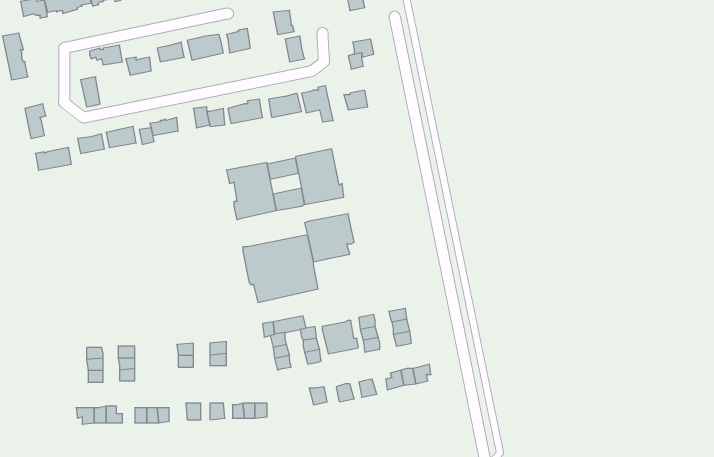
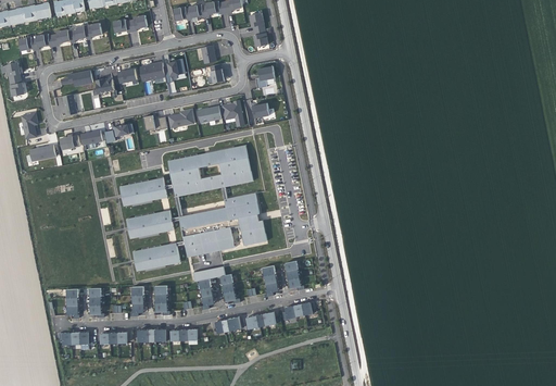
building: none -> [122,177,166,206]
building: none -> [128,210,173,238]
building: none -> [135,242,179,271]
building: [322,321,358,354] -> [240,221,266,245]

